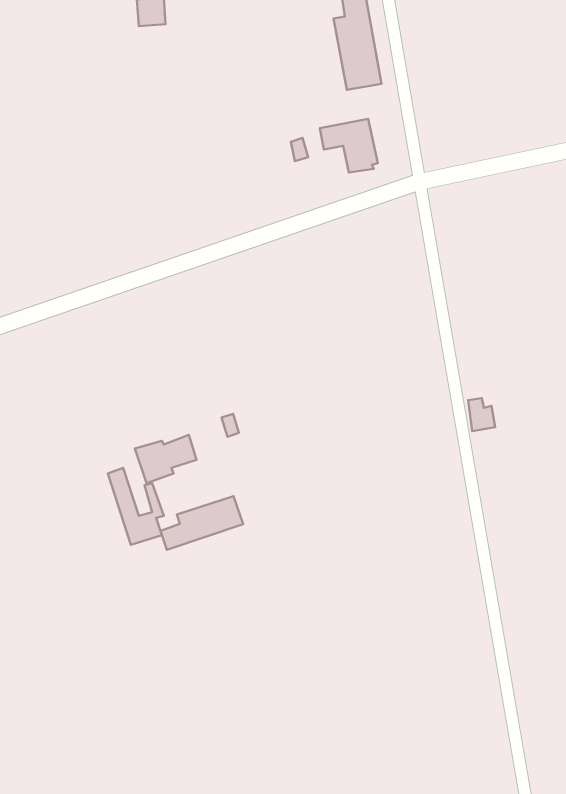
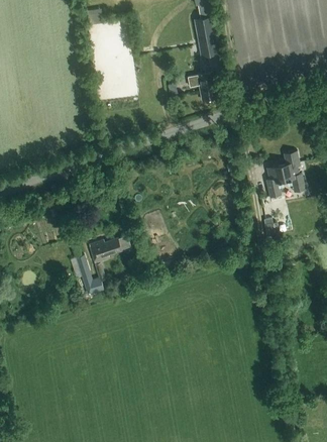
building: none -> [264,150,304,198]
building: [160,496,243,550] -> none

